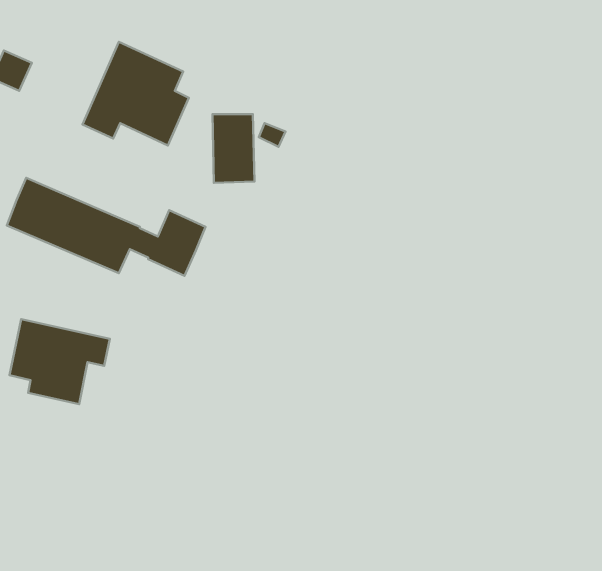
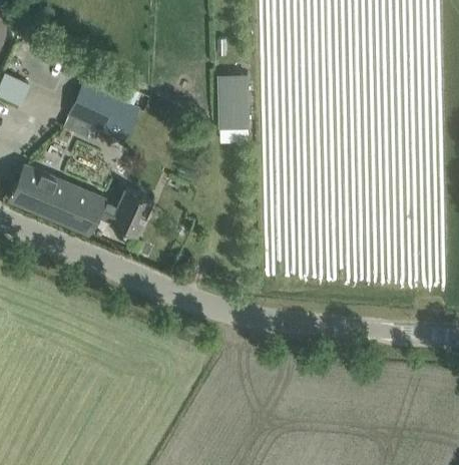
building: [212,114,254,183] -> [220,76,251,125]
building: [10,319,110,404] -> none

